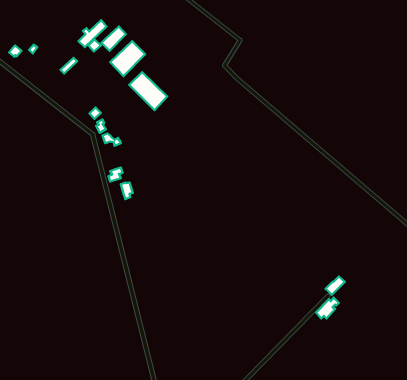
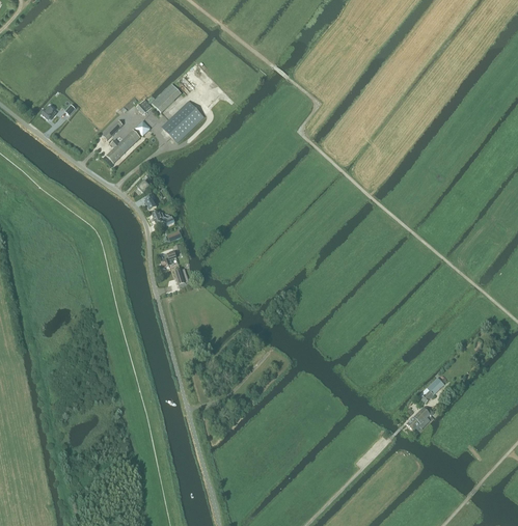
building: [79,20,106,47] -> [106,130,139,162]
building: [129,72,167,110] -> none

